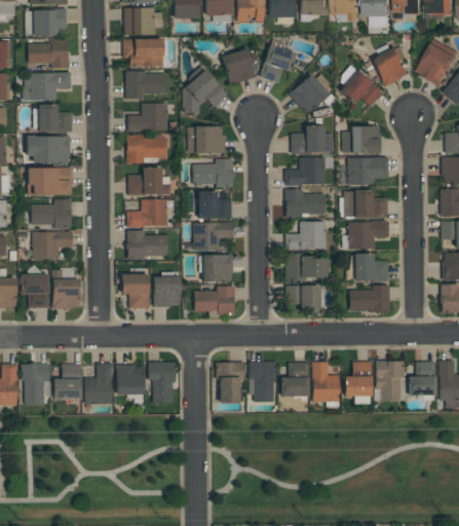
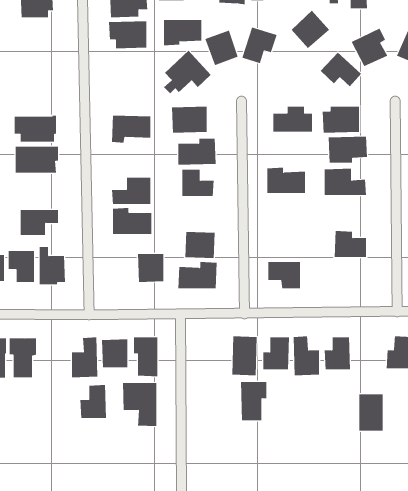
building: [29,40,69,68] -> none
building: [24,72,72,100] -> none
building: [126,73,166,100] -> [163,20,202,46]
building: [290,74,330,114] -> [291,10,330,49]
building: [128,103,167,132] -> none
building: [39,104,73,133] -> none
building: [285,157,326,186] -> none
building: [128,167,170,196] -> none
building: [31,199,72,228] -> none
building: [286,222,327,250] -> none
building: [349,222,389,250] -> none
building: [193,223,233,251] -> none
building: [285,256,328,279] -> none
building: [122,274,150,308] -> none
building: [349,286,390,312] -> none
building: [377,362,403,400] -> [358,394,384,431]
building: [218,363,245,403] -> [240,382,267,421]
building: [53,364,81,399] -> [80,384,107,419]
building: none -> [122,382,157,427]

